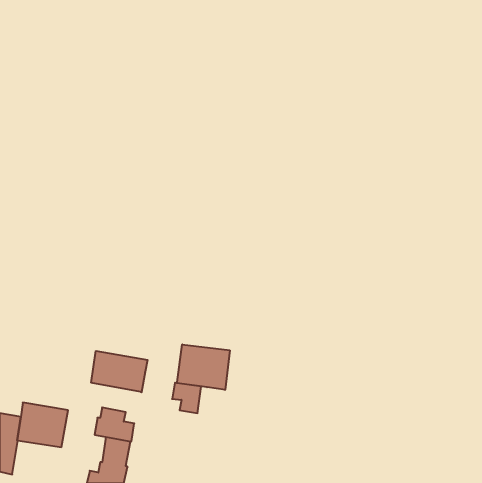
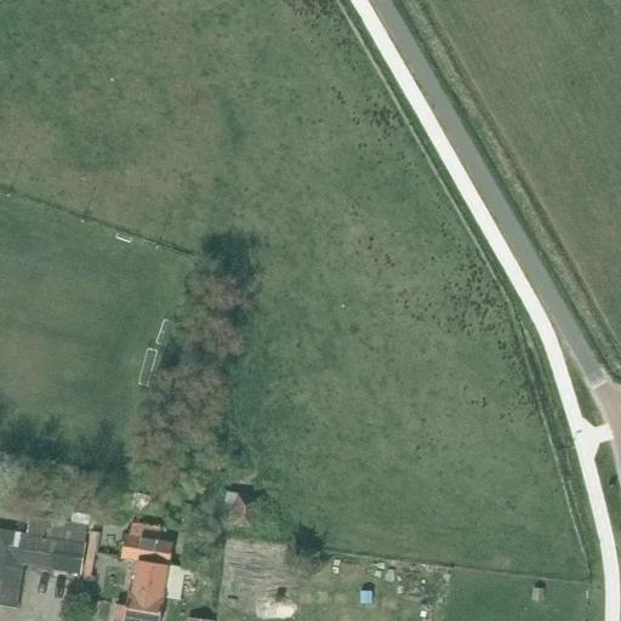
building: [177,344,230,390] -> none
building: [91,351,148,392] -> none

